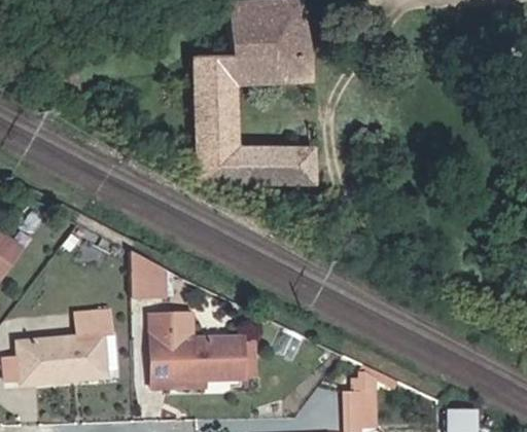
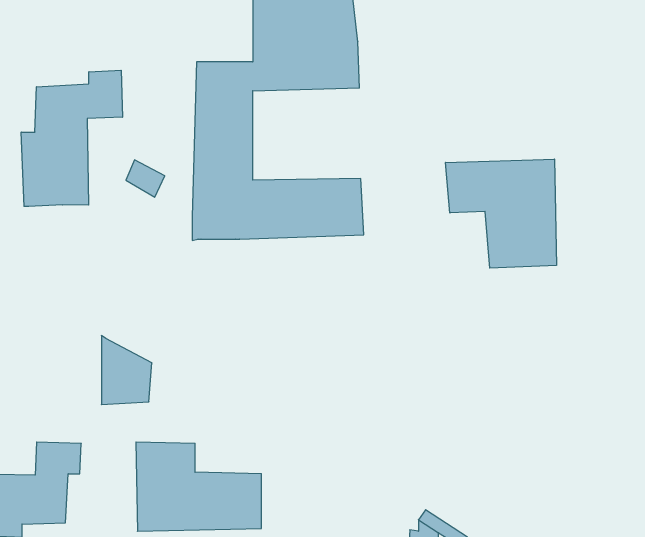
building: none -> [21,70,122,206]
building: none -> [446,159,556,268]

